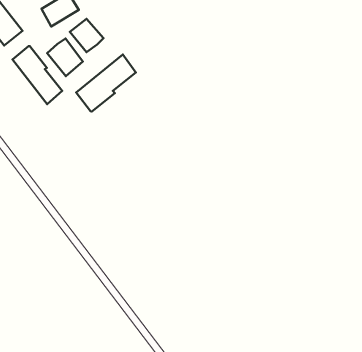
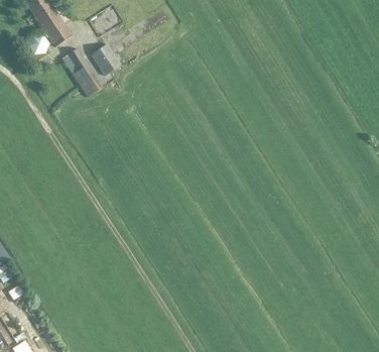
building: [70,19,104,52] -> none
building: [76,54,136,112] -> none

